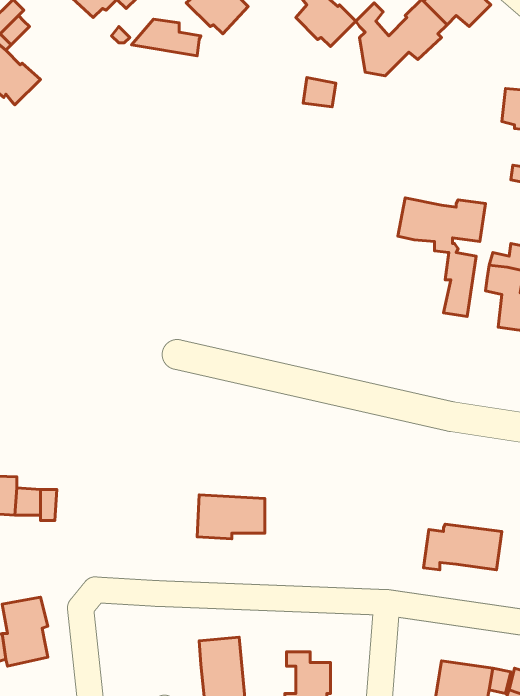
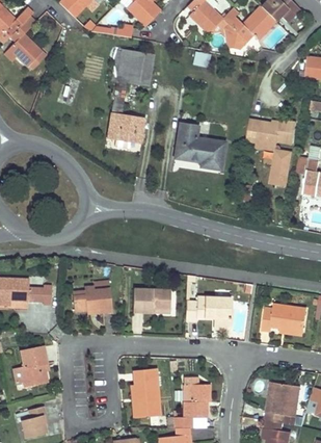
building: none -> [108,49,155,142]
building: none -> [175,124,225,170]
building: none -> [73,285,112,313]
building: none -> [185,296,231,329]

